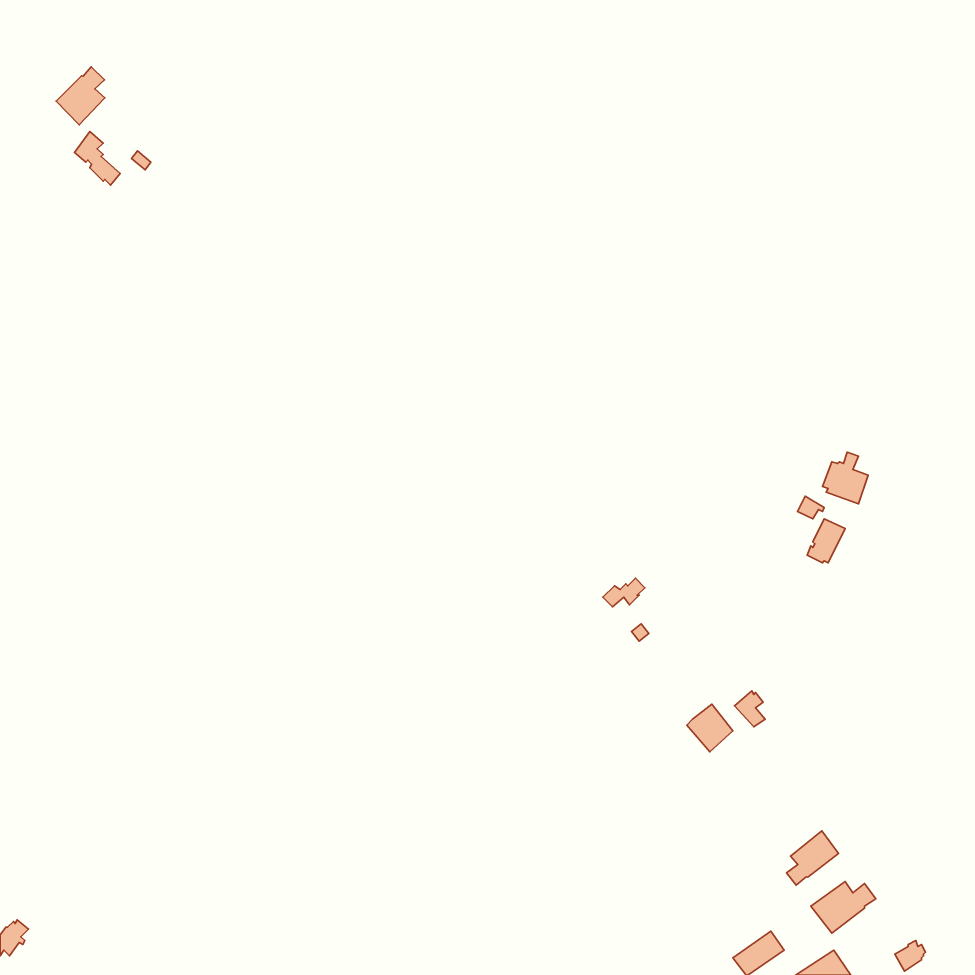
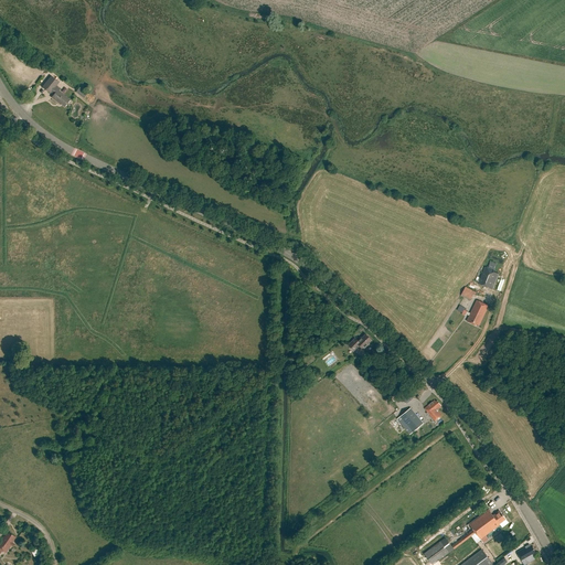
building: [56,67,105,125] -> none
building: [786,831,838,885] -> none

